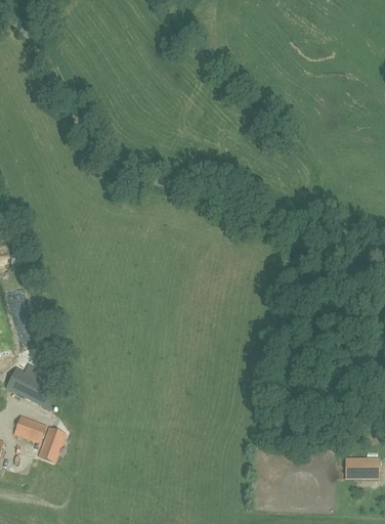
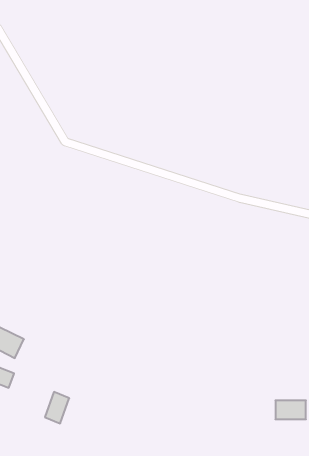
building: [38,426,66,462] -> [45,392,69,423]

